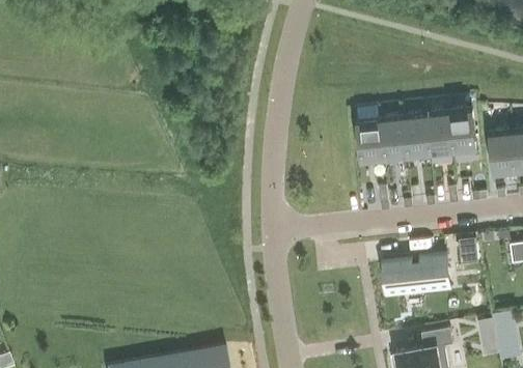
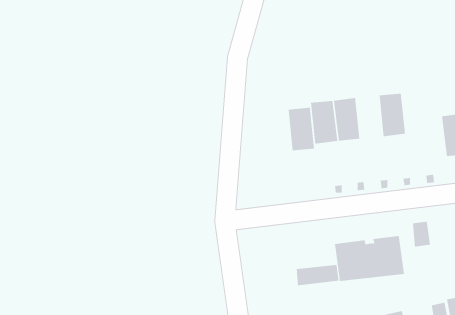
building: [448,108,476,151] -> none
building: [403,113,430,157] -> [288,107,315,151]
building: none -> [296,264,339,286]

